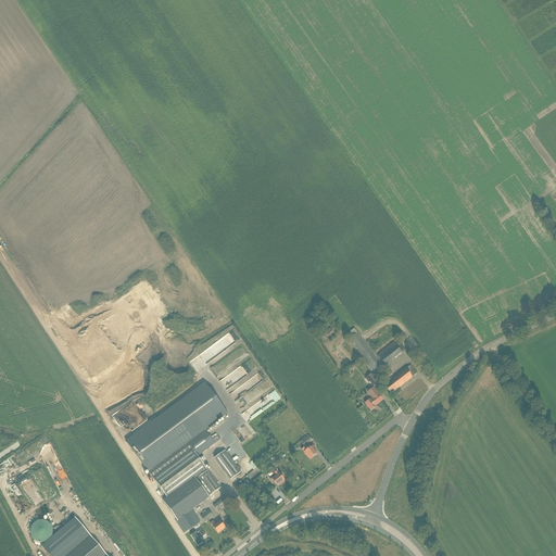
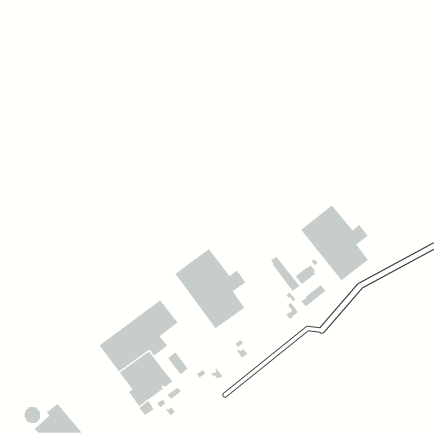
building: none -> [300,204,369,281]
building: none -> [174,248,246,329]

